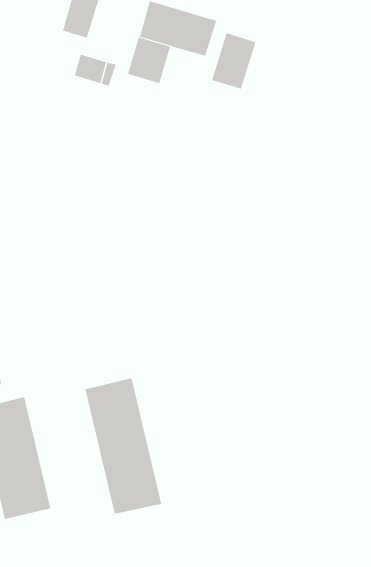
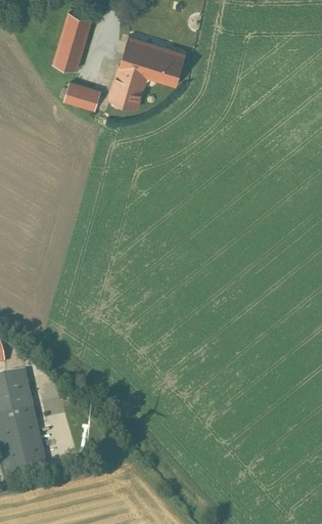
building: [212,33,256,89] -> none
building: [85,378,162,515] -> none

